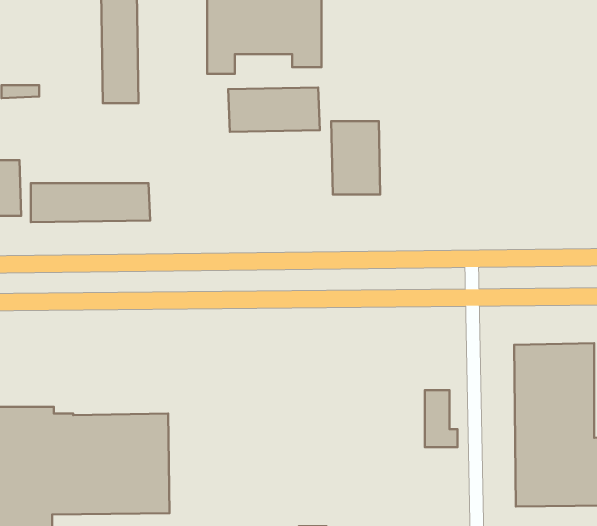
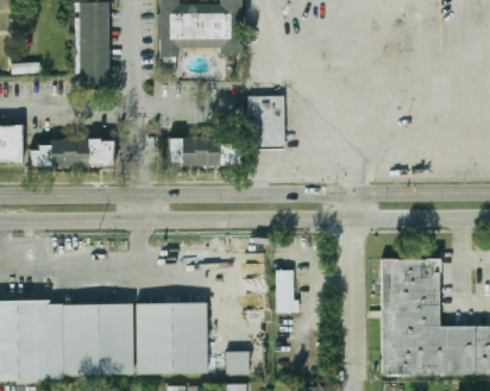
building: [228,88,320,132] -> [170,133,237,165]
building: [425,390,458,447] -> [275,272,299,314]
building: none -> [136,305,205,376]
building: none -> [225,354,247,377]

